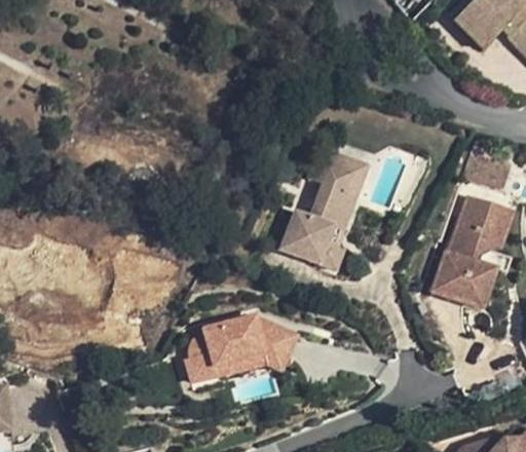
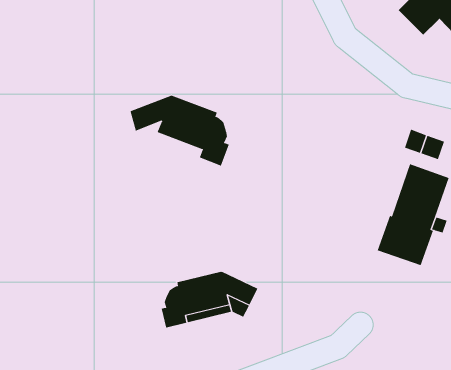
building: none -> [130,95,229,167]
building: [273,149,367,270] -> none

